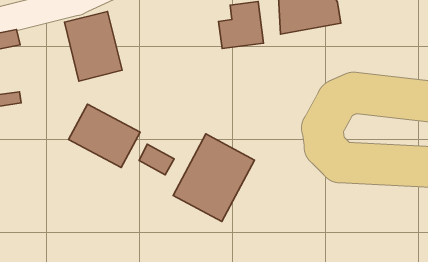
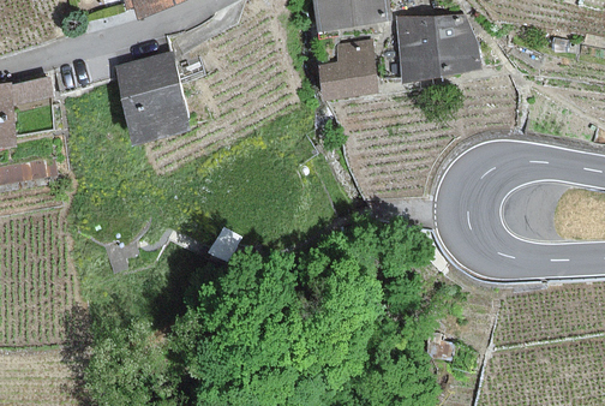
building: [69,104,140,168] -> none
building: [173,134,254,221] -> none

